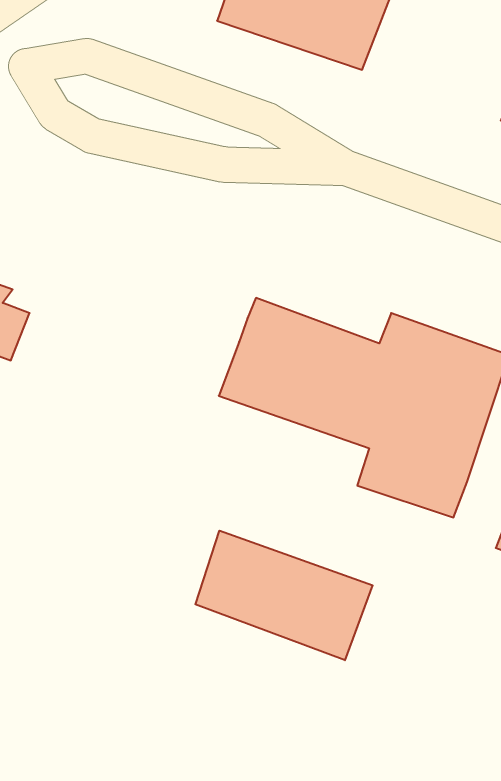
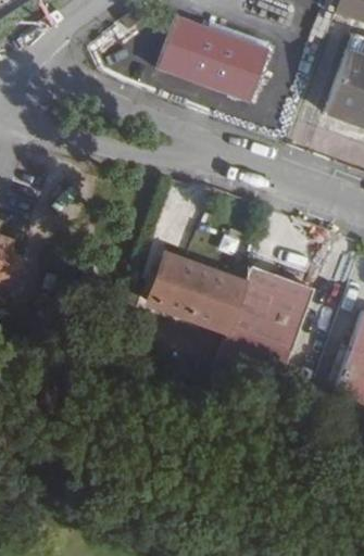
building: [195,531,373,660] -> none

